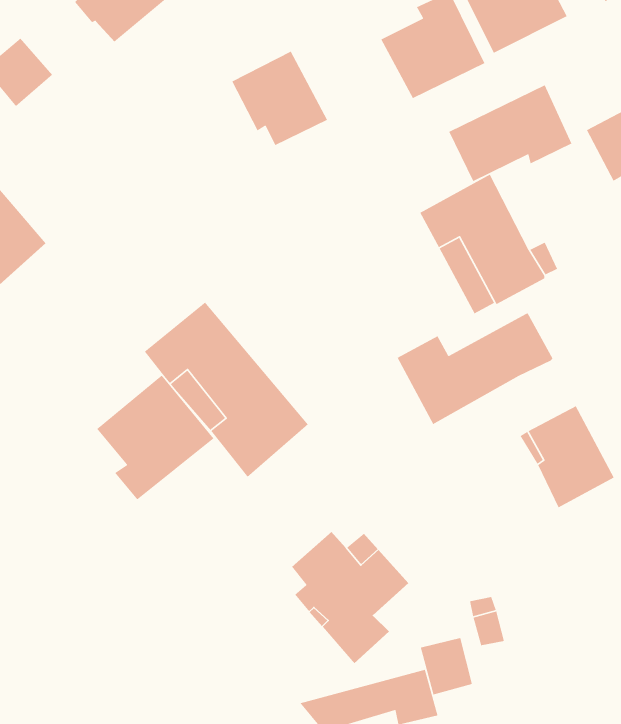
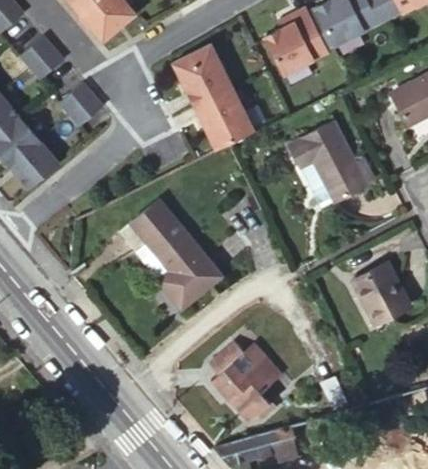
building: [448,84,572,182] -> none
building: none -> [60,82,103,125]
building: none -> [200,87,256,150]
building: [396,313,554,425] -> none
building: [96,374,215,501] -> none
building: [420,637,473,696] -> none

